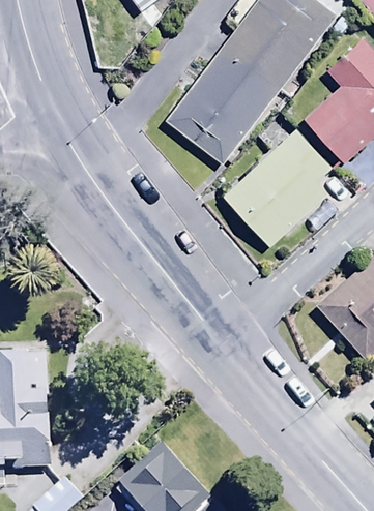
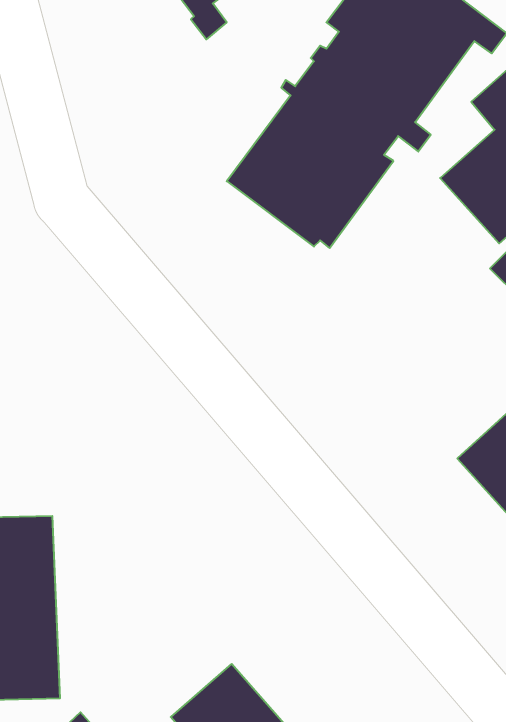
building: [221,123,330,249] -> none

